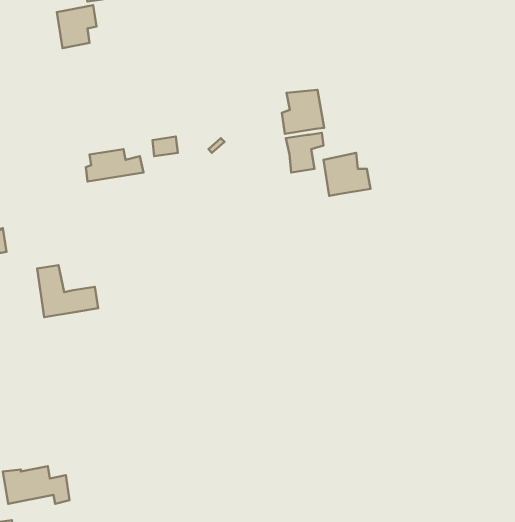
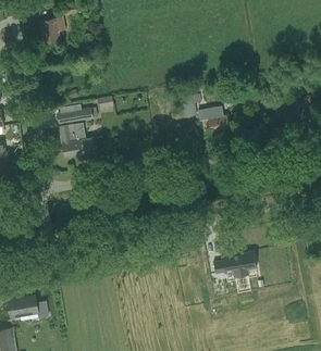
building: [282,90,324,134] -> none
building: [37,265,98,317] -> [60,124,97,155]
building: none -> [213,250,256,276]

